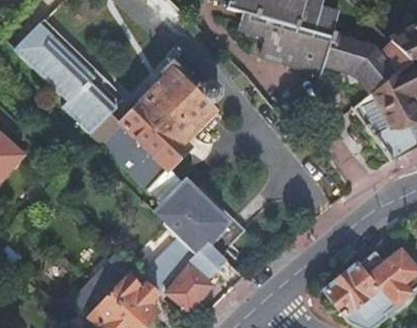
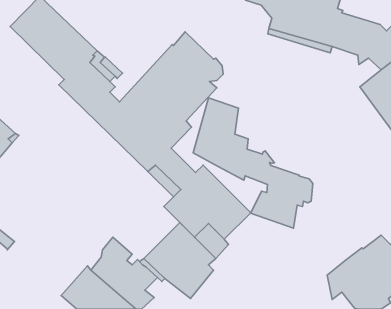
building: none -> [193,98,313,228]

